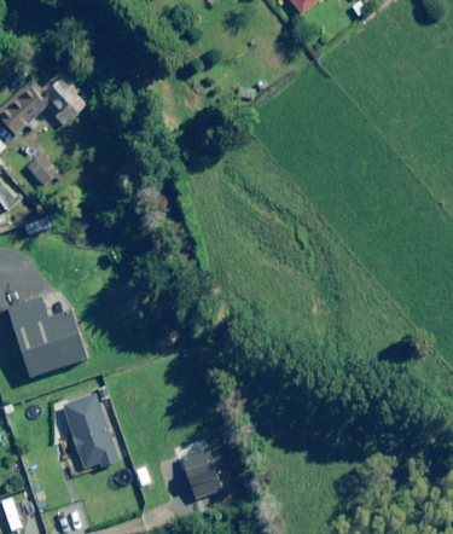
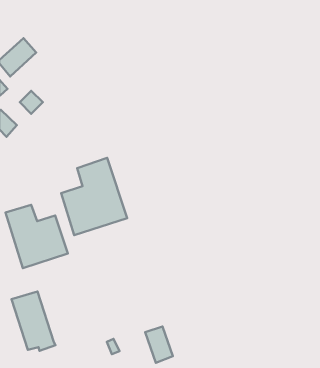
building: [50,83,86,123] -> none
building: none -> [61,158,127,235]
building: [62,394,117,469] -> [12,292,56,351]

